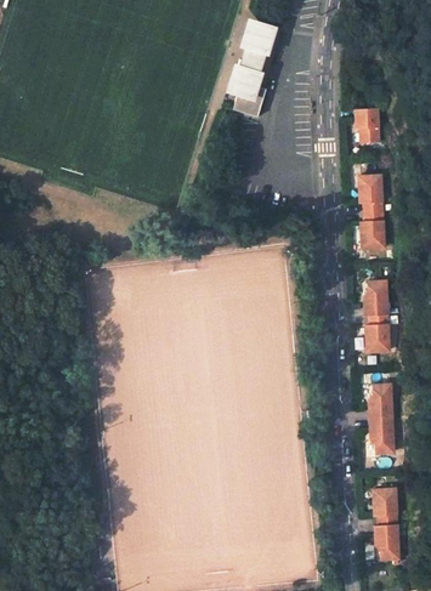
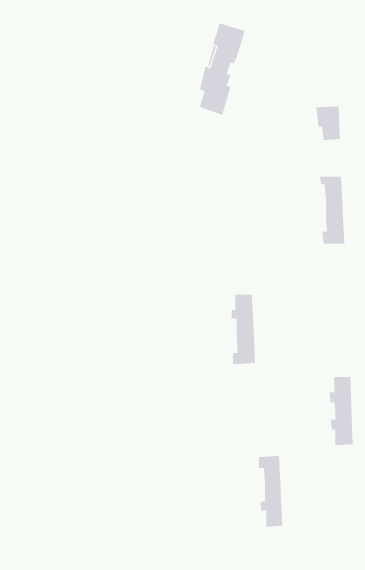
building: [363,282,389,353] -> [231,294,256,364]
building: [372,488,397,561] -> [258,456,283,527]

